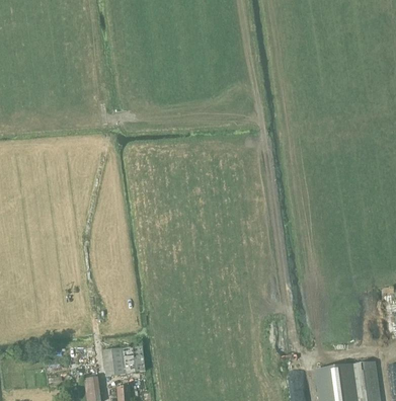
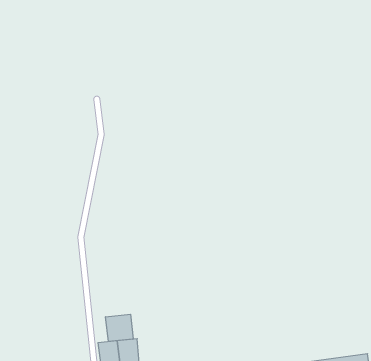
building: none -> [106,314,133,341]

